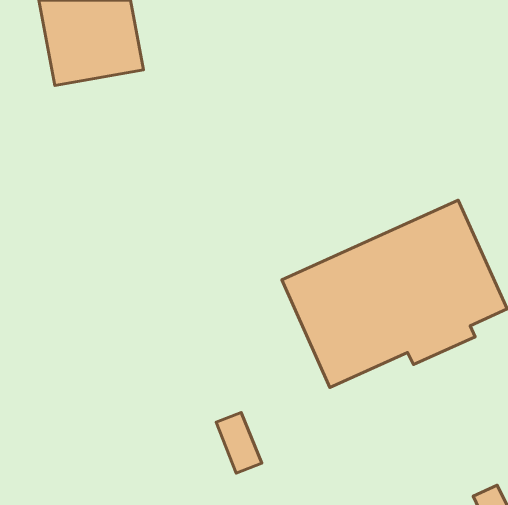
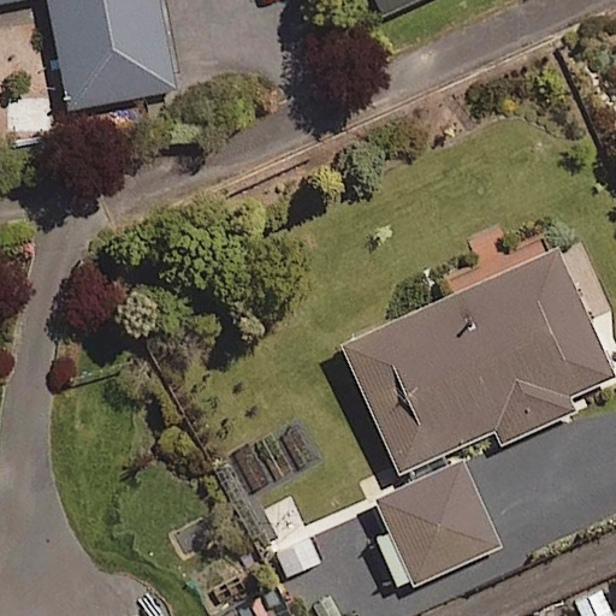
building: none -> [375,463,499,586]

